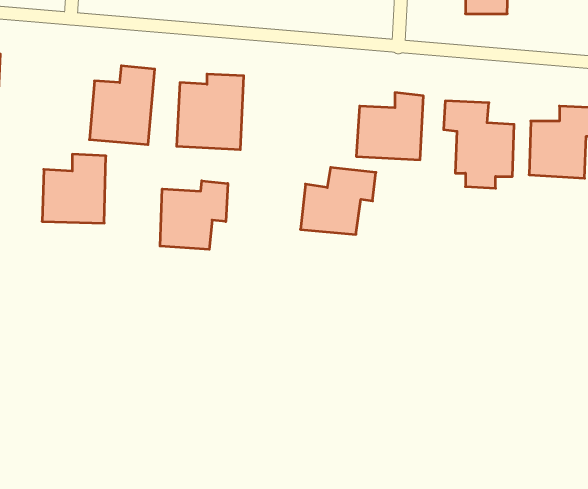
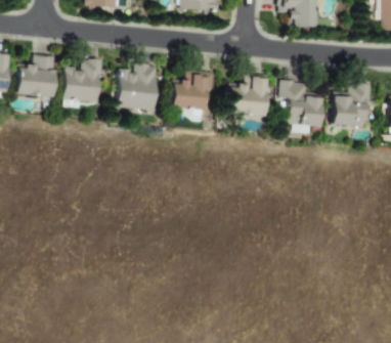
building: [42,154,106,223] -> [16,54,55,96]
building: [300,167,376,234] -> [170,69,216,110]
building: [160,181,228,249] -> none

